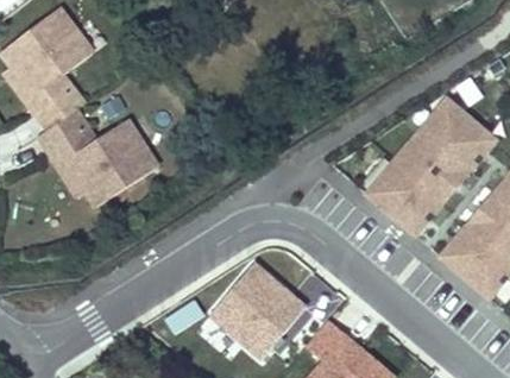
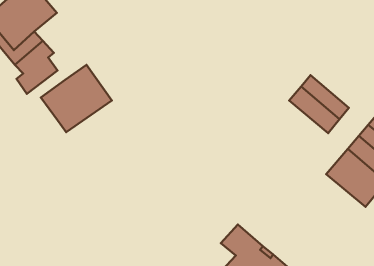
building: [418,96,495,170] -> none
building: [57,122,106,193] -> none
building: [365,160,441,233] -> none
building: [214,265,306,358] -> none

